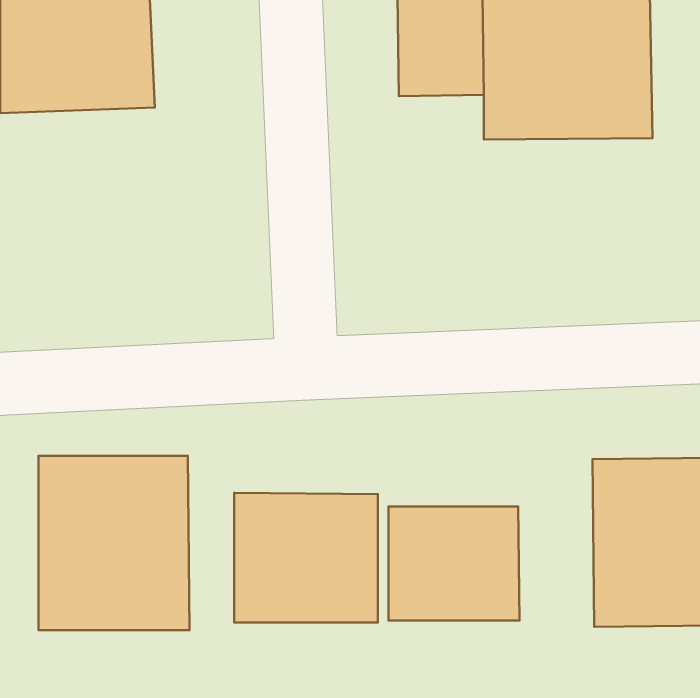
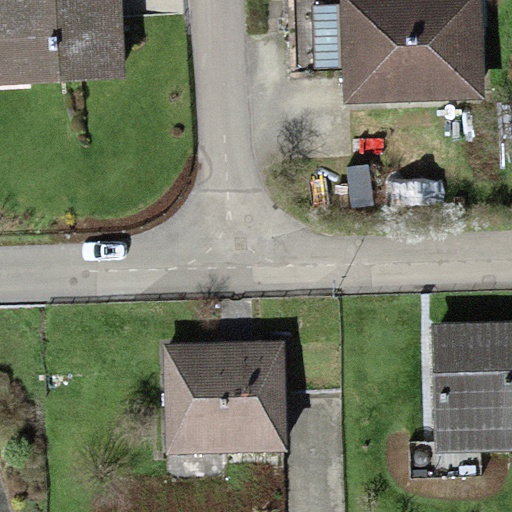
building: [38,456,189,630] -> none
building: [389,507,519,620] -> none

